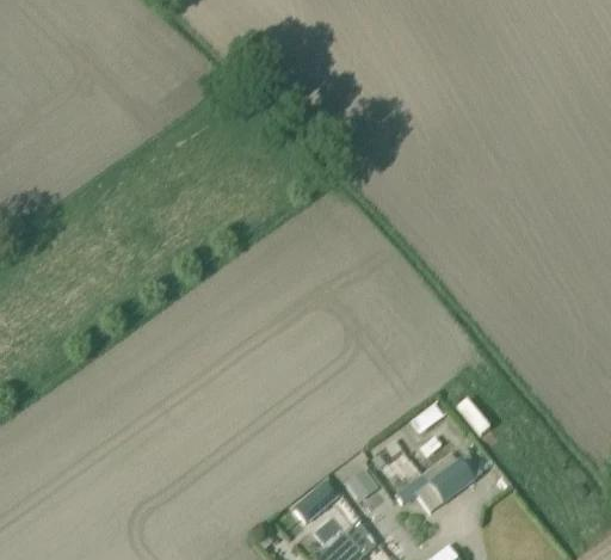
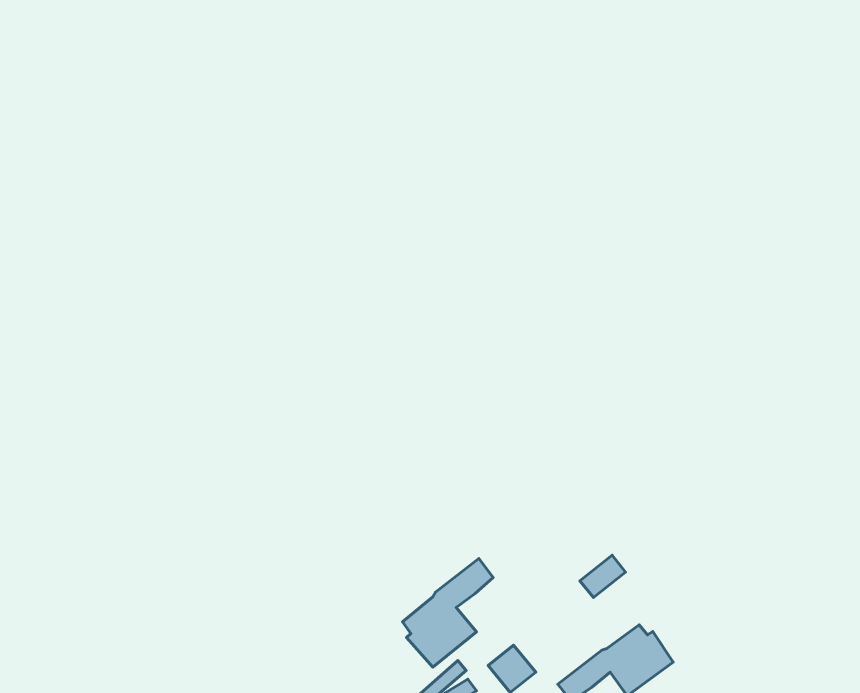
building: none -> [402,559,493,667]

